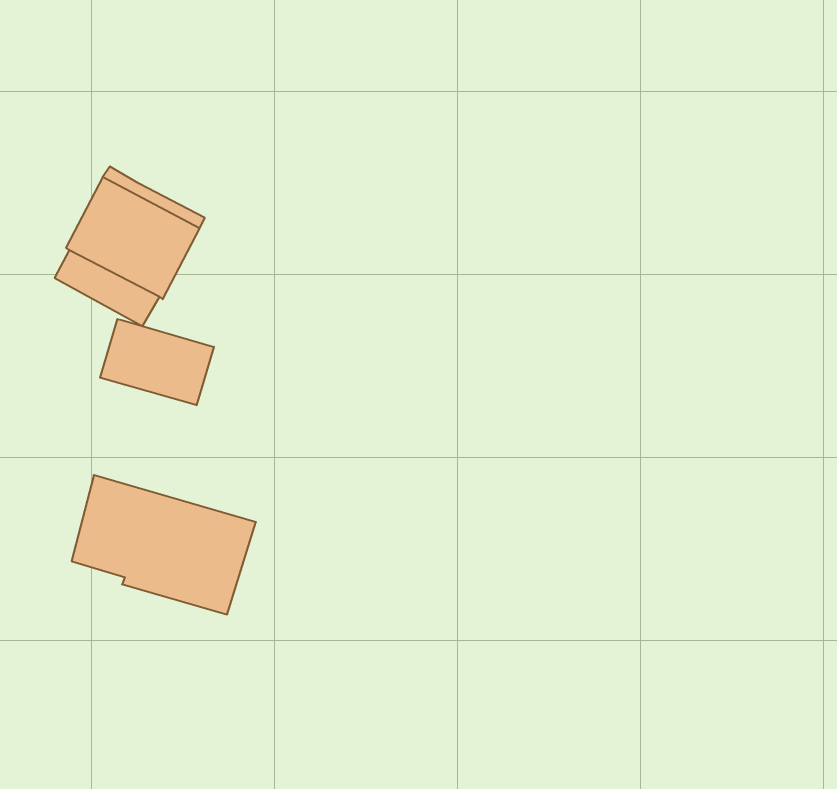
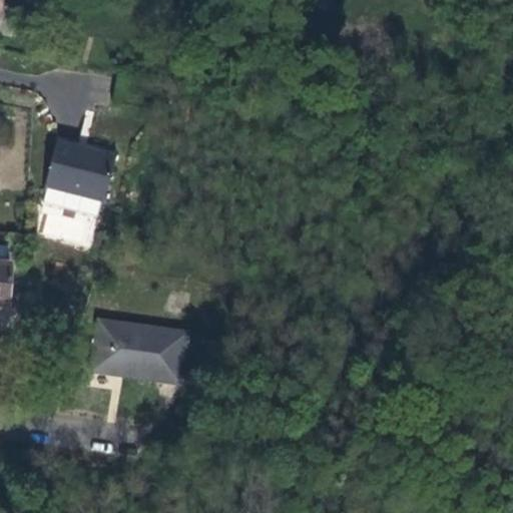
building: [100,319,214,405] -> none

